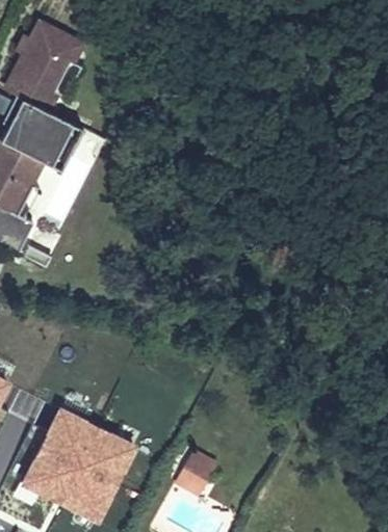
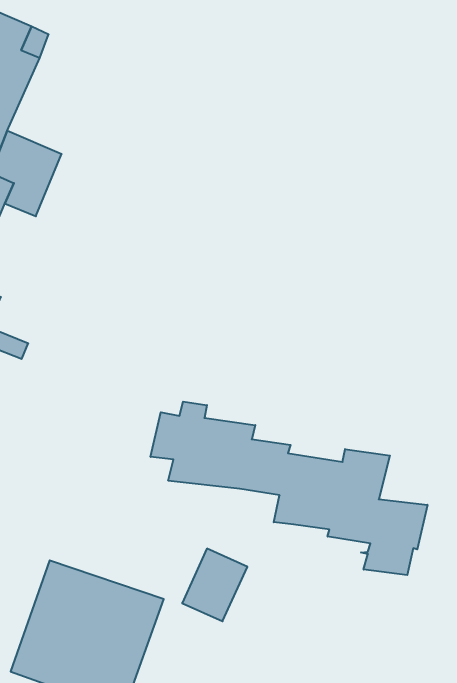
building: none -> [151,402,427,575]
building: [171,448,217,499] -> [182,549,247,621]

